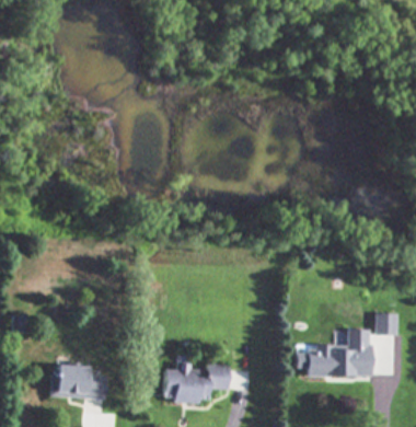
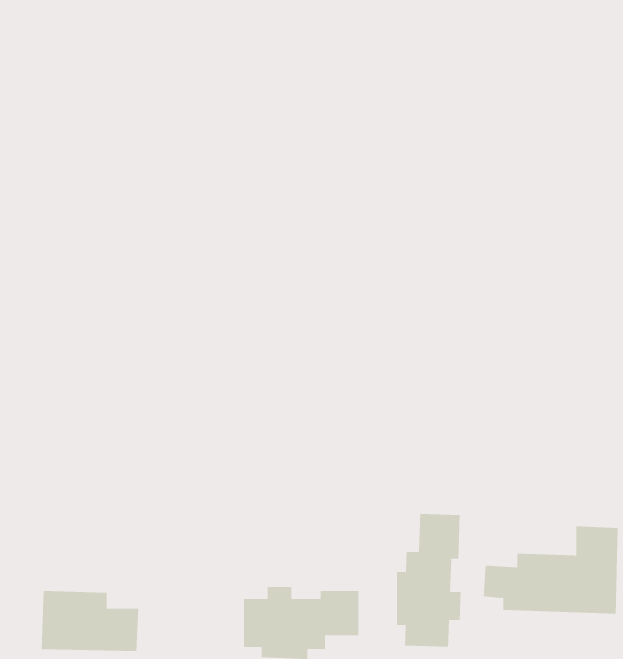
building: none -> [397,513,461,648]

